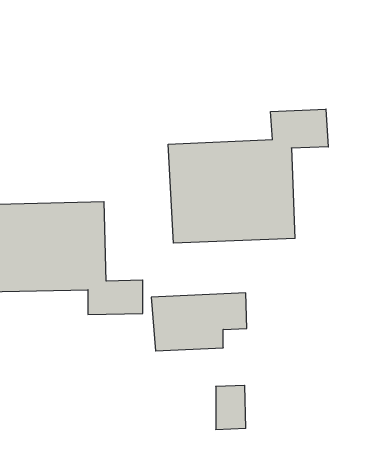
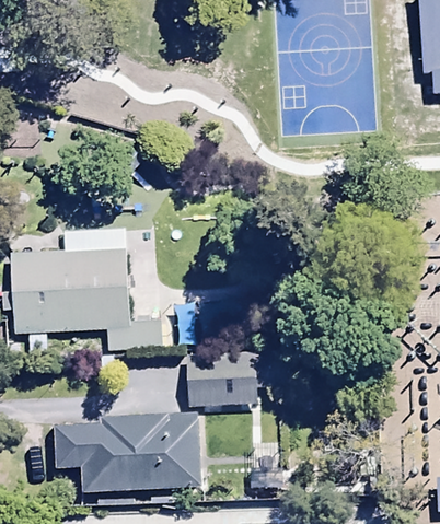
building: [168,109,328,243] -> none
building: none -> [70,419,213,492]

